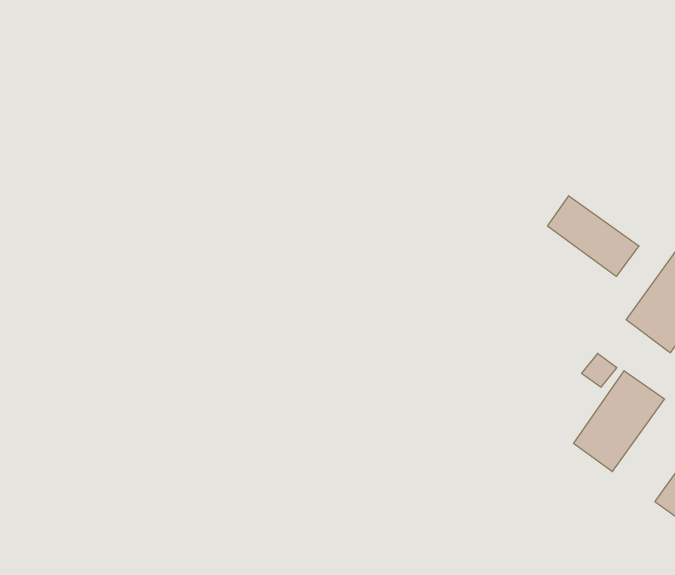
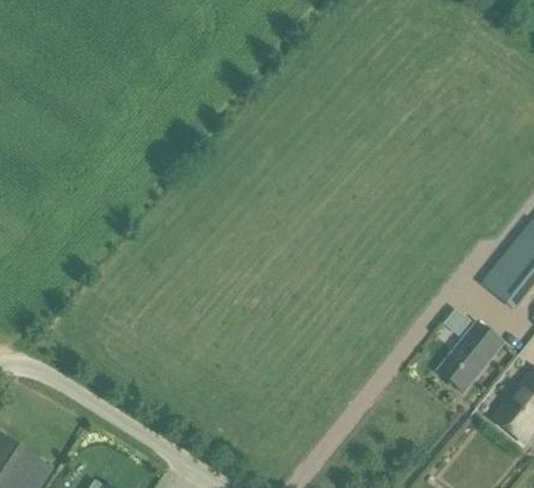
building: [548,196,639,276] -> none

